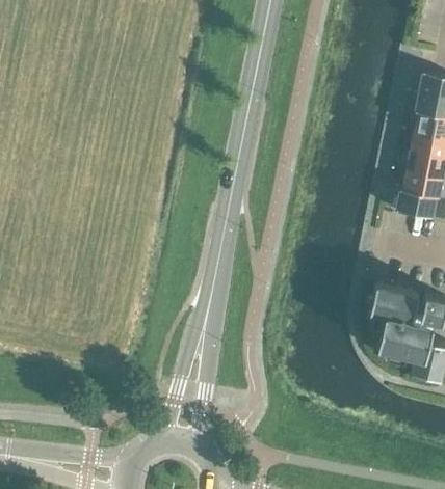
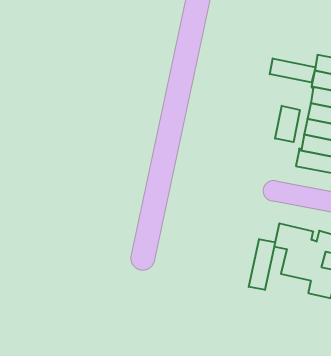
building: none -> [270,58,316,82]
building: none -> [275,106,300,142]
building: none -> [249,239,275,290]

